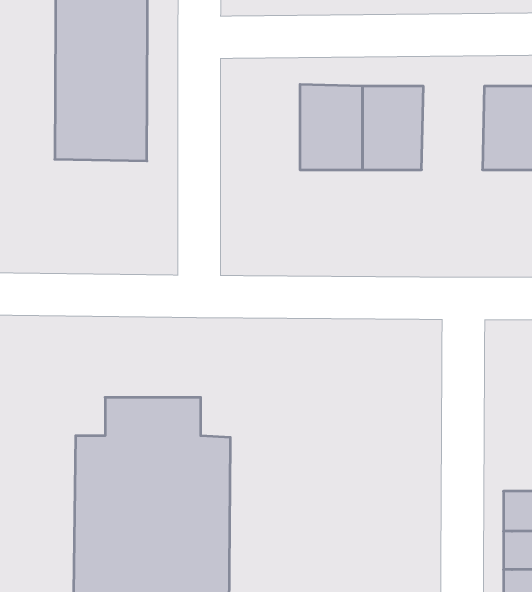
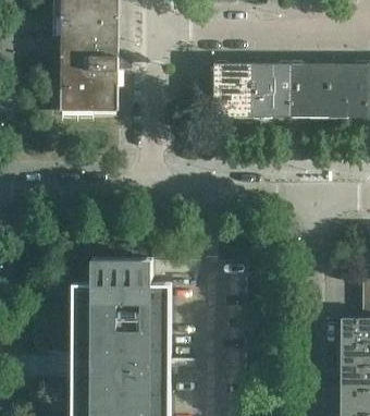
building: none -> [291,64,330,117]

